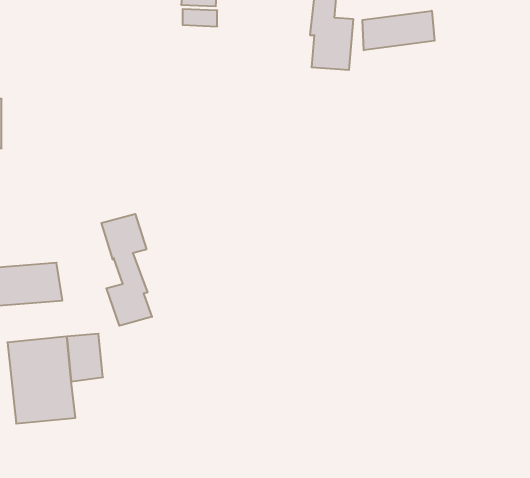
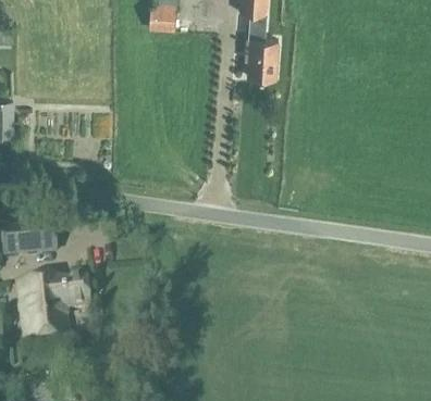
building: [362,11,435,50] -> none
building: [101,214,152,326] -> none

